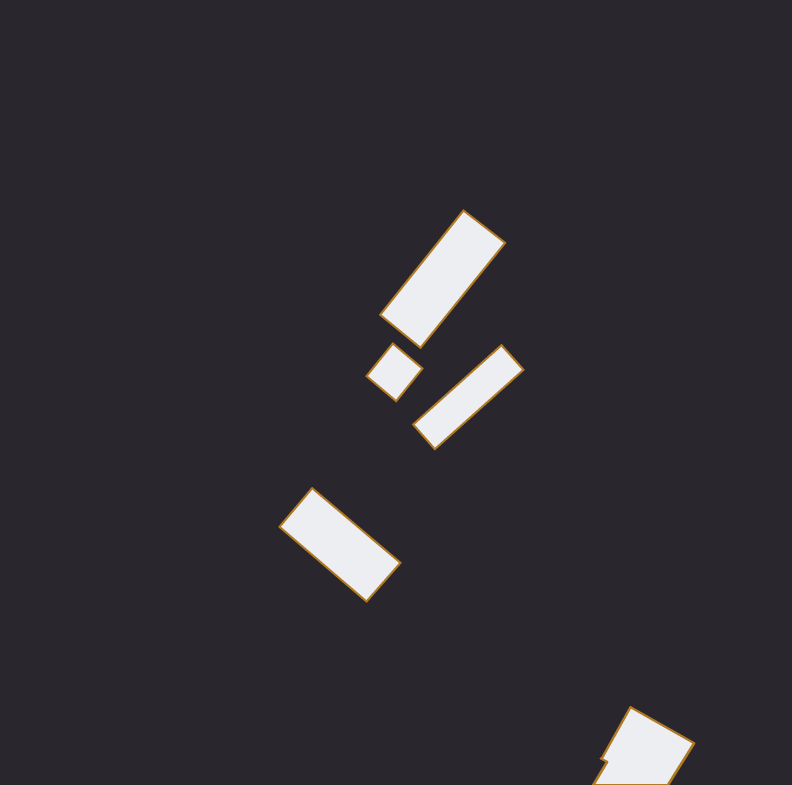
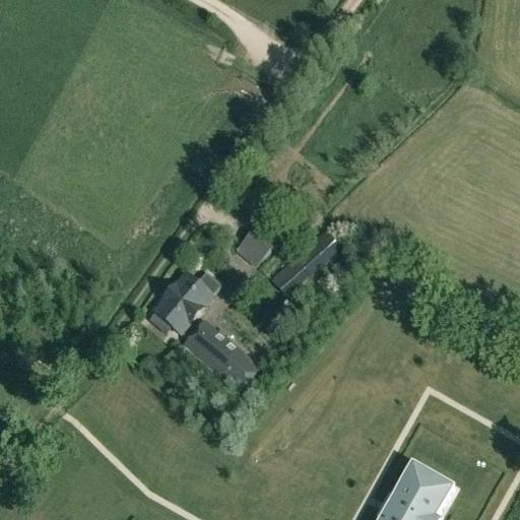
building: [380,211,505,348] -> none
building: none -> [151,272,219,334]

